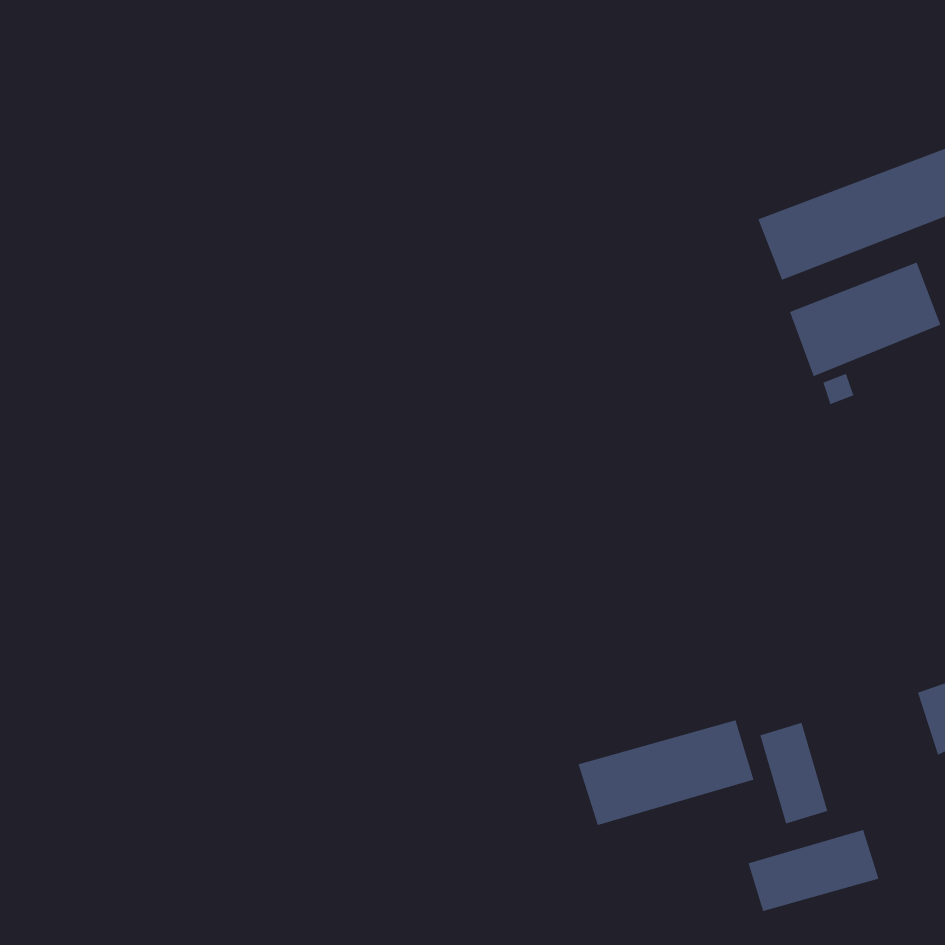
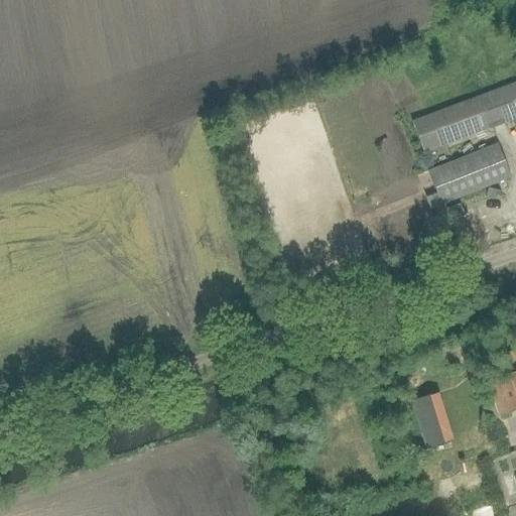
building: [578,720,754,826] -> none
building: [748,829,879,912] -> none

